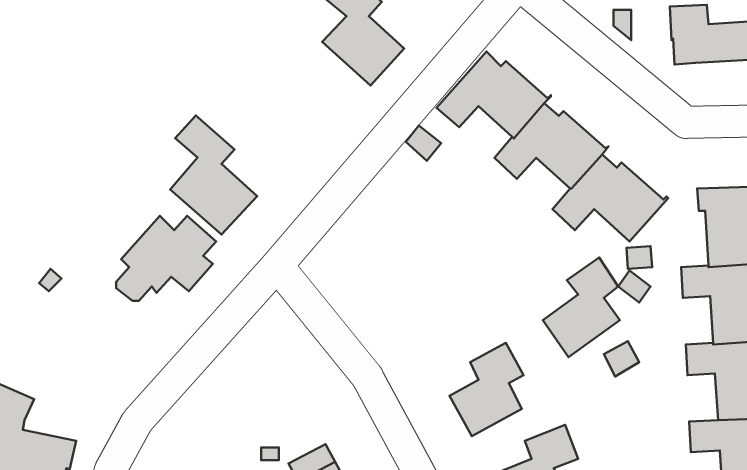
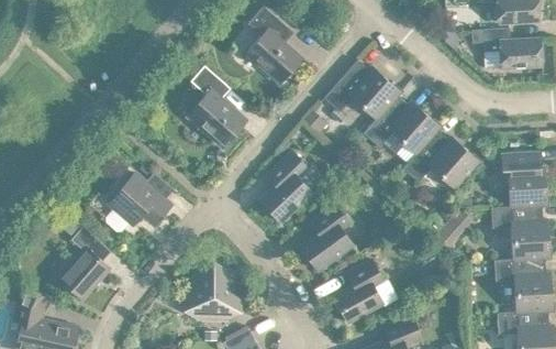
building: [170,116,257,235] -> [187,66,246,148]
building: none -> [259,152,312,222]
building: [543,258,620,357] -> [300,203,353,271]
building: none -> [59,227,111,299]
building: none -> [185,271,242,321]

